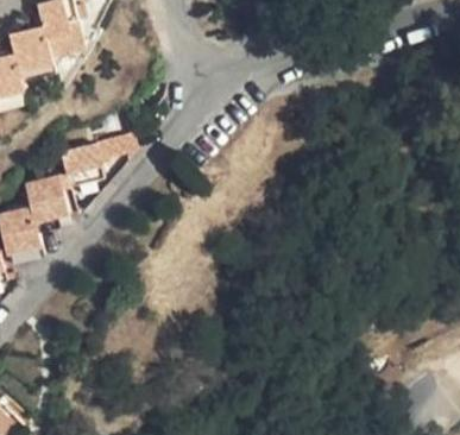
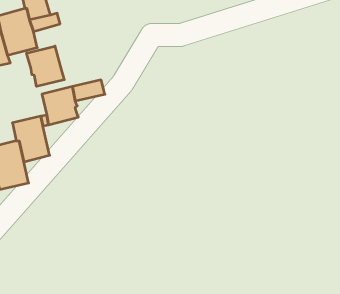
building: none -> [27,46,64,86]

